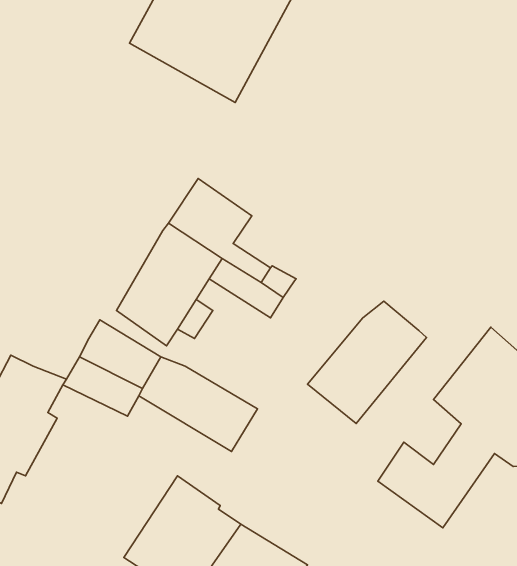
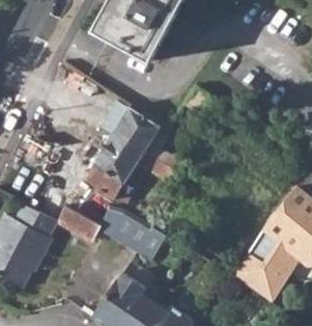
building: [308,301,427,424] -> none

